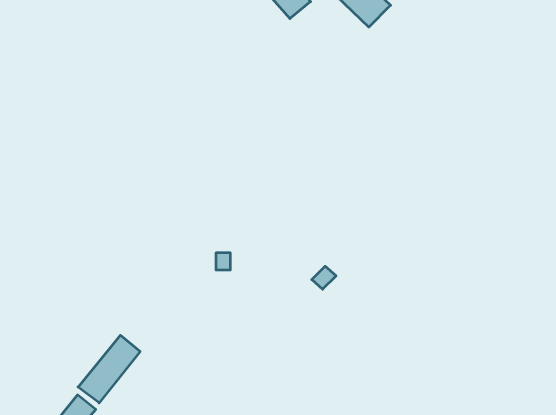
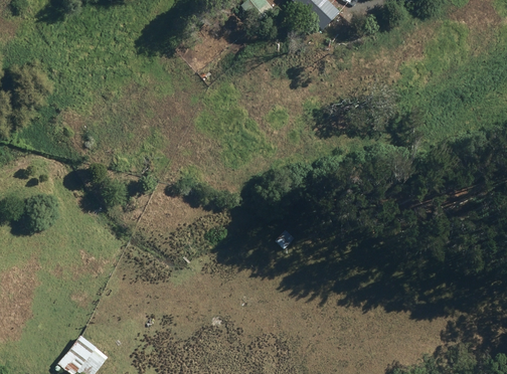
building: [78,335,140,403] -> none

